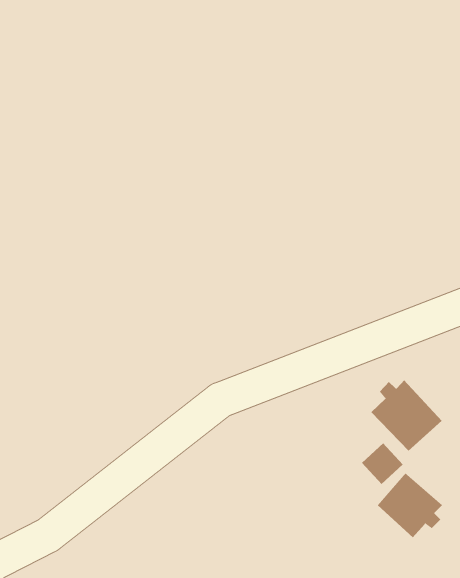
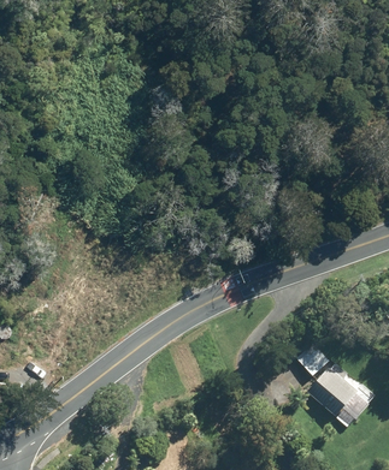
building: [370,380,442,452] -> none

